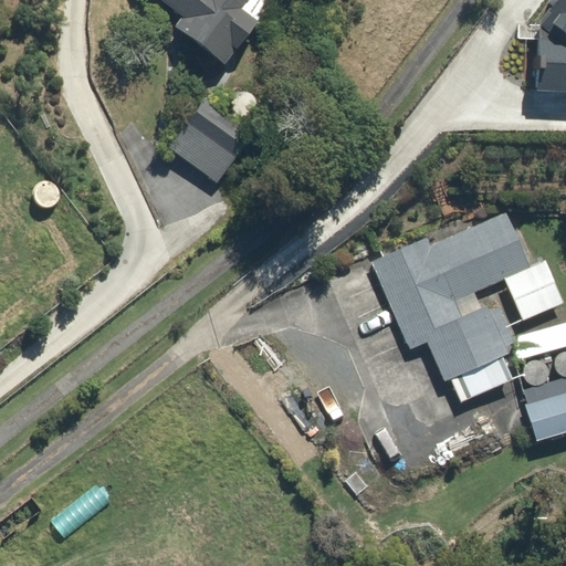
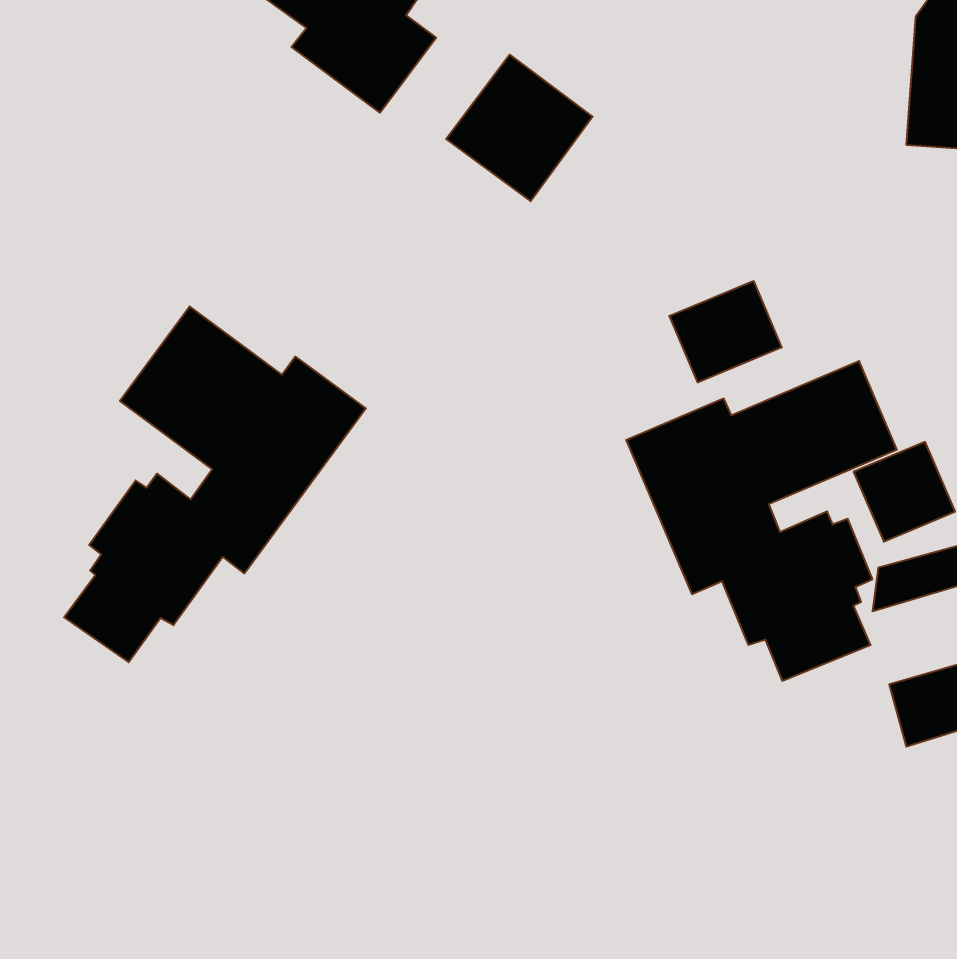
building: [169,97,255,184] -> [446,55,593,201]
building: none -> [669,281,782,382]
building: none -> [64,306,366,662]

